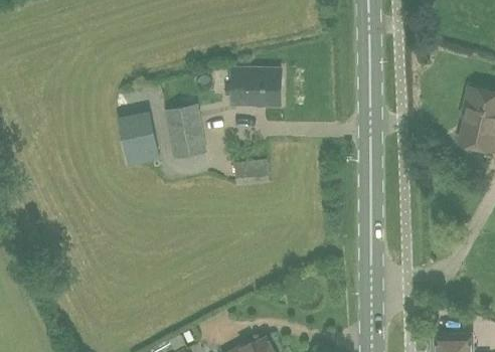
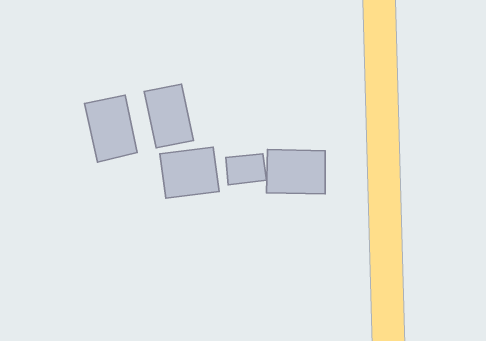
building: [230,68,280,106] -> [266,150,325,194]
building: none -> [160,147,219,198]

